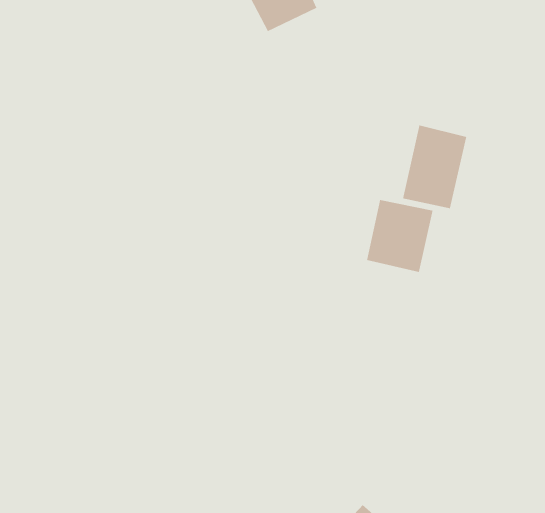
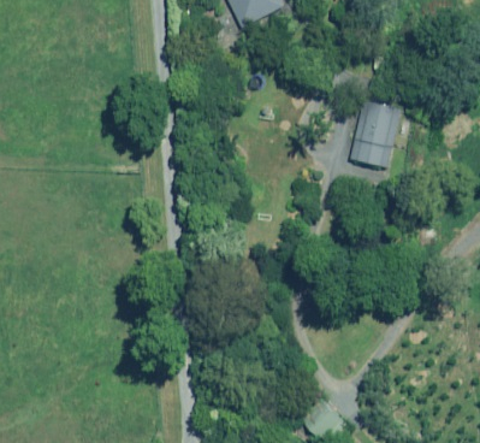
building: [366,199,433,273] -> none

